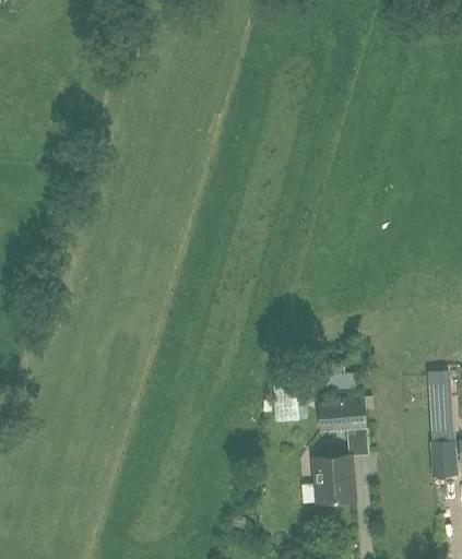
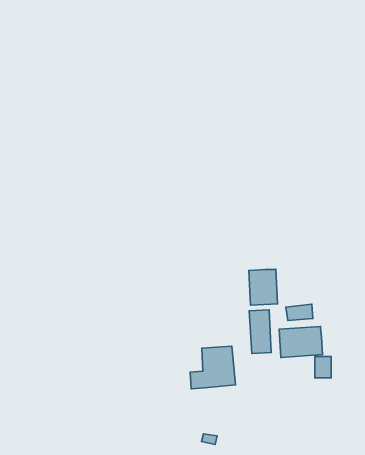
building: none -> [249,269,278,305]
building: [303,454,354,502] -> [190,346,236,389]

